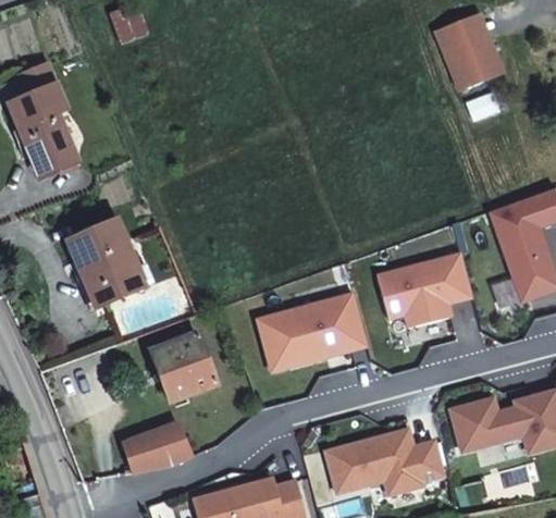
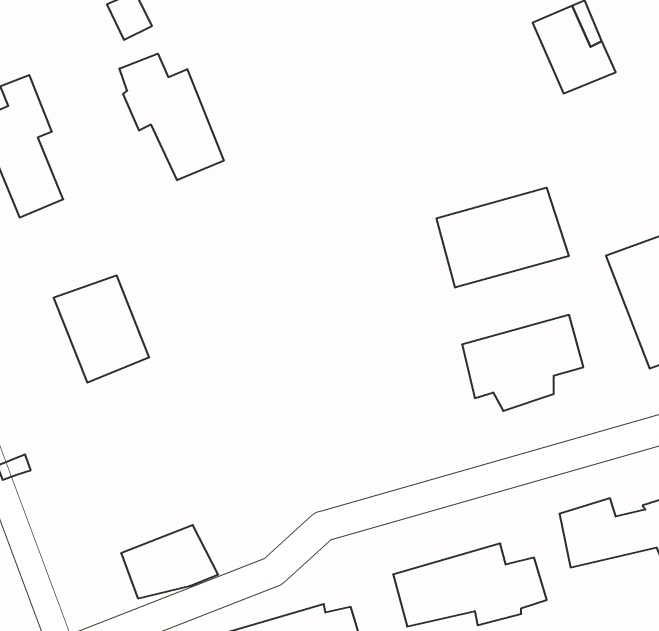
building: none -> [119,54,224,180]
building: none -> [437,188,569,288]
building: [261,296,368,370] -> none
building: [145,326,218,402] -> none

